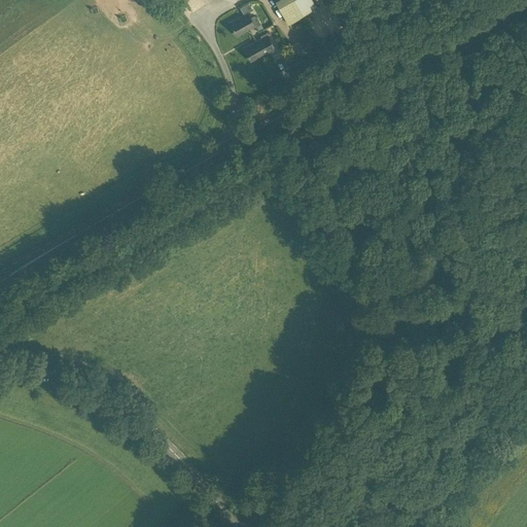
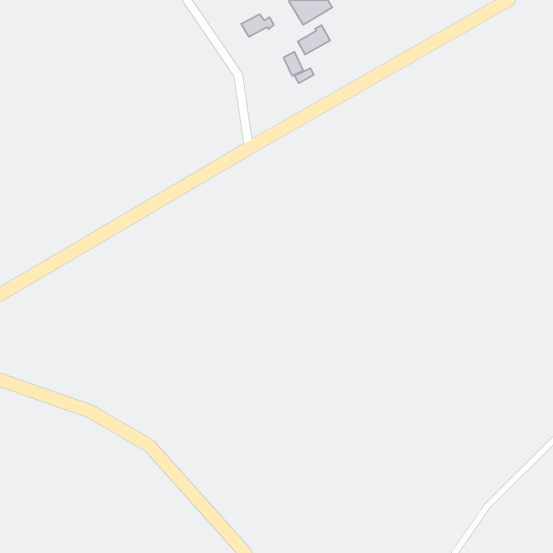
building: [243,33,274,61] -> [298,25,330,54]

